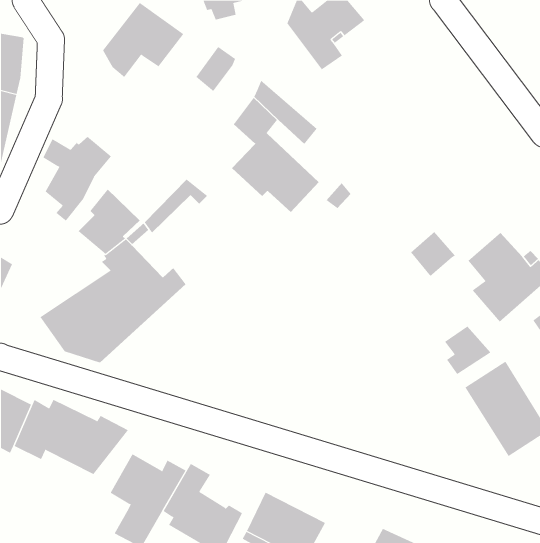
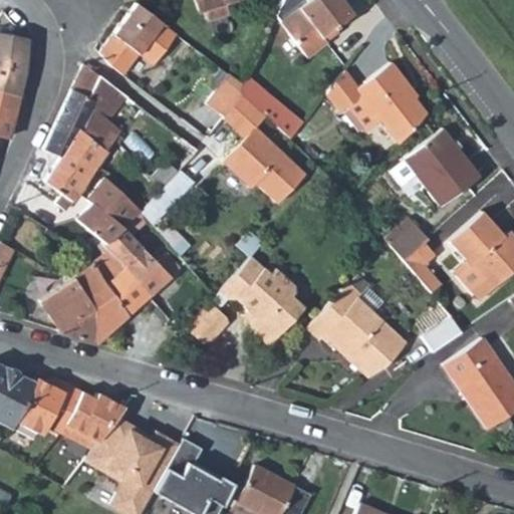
building: [195,46,236,92] -> [208,73,246,116]
building: none -> [53,63,130,149]
building: none -> [331,64,436,147]
building: none -> [392,131,481,206]
building: none -> [410,244,448,296]
building: none -> [218,255,304,342]
building: none -> [306,283,408,378]
building: none -> [186,303,228,346]
building: none -> [84,417,162,481]

